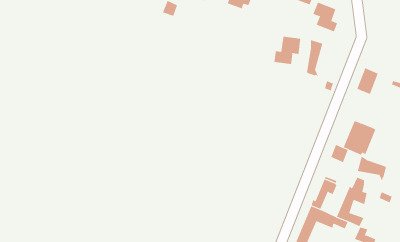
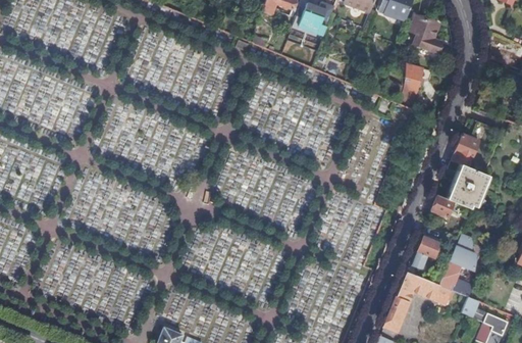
building: [274,36,301,65] -> none
building: [357,68,379,95] -> [452,134,479,167]
building: [357,156,386,182] -> none

